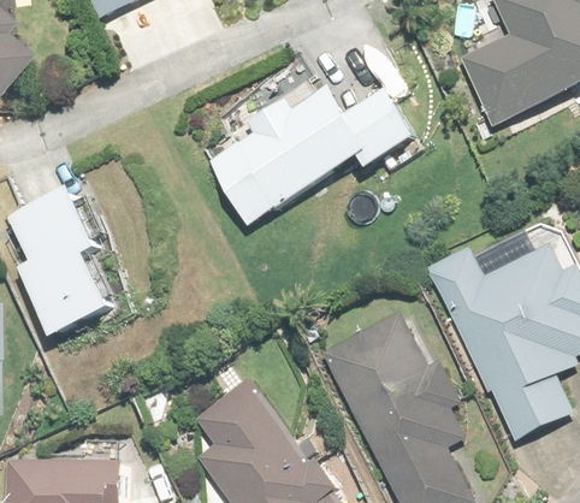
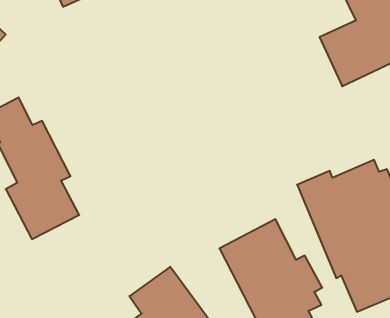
building: [209,84,421,226] -> none

